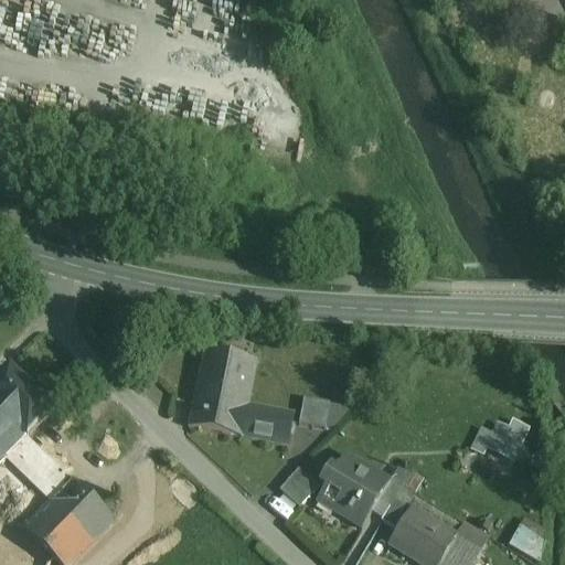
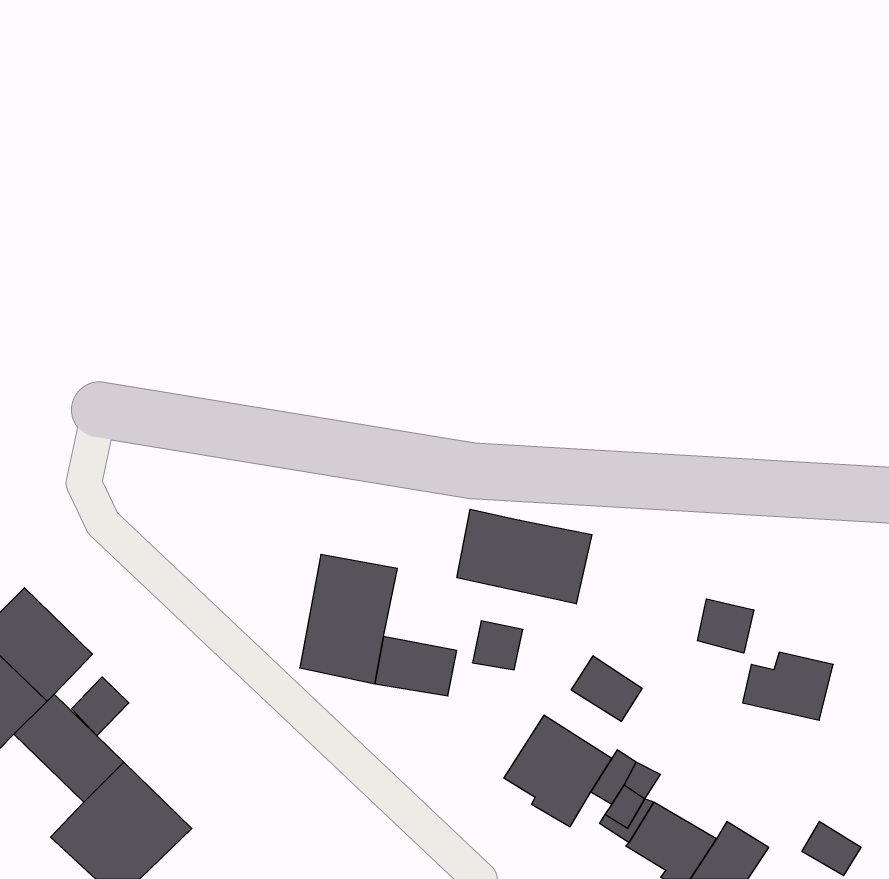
building: none -> [457,509,592,604]
building: none -> [698,599,754,653]
building: none -> [571,656,642,722]
building: none -> [72,677,129,736]
building: [277,466,317,505] -> none

